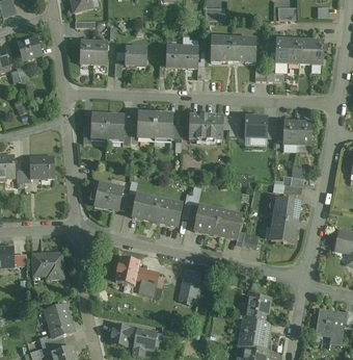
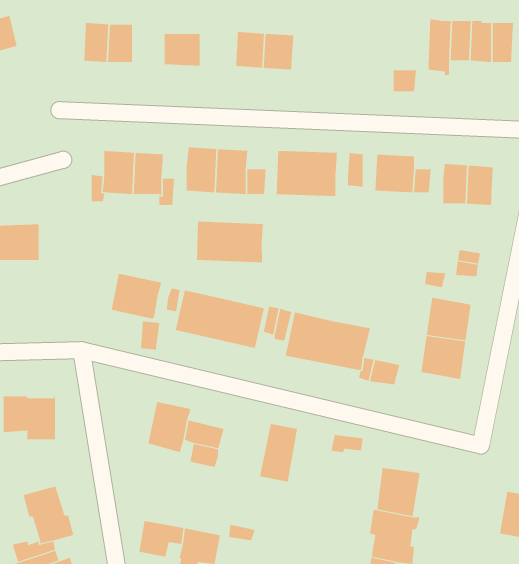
building: [210,36,255,61] -> none
building: none -> [196,221,264,263]

